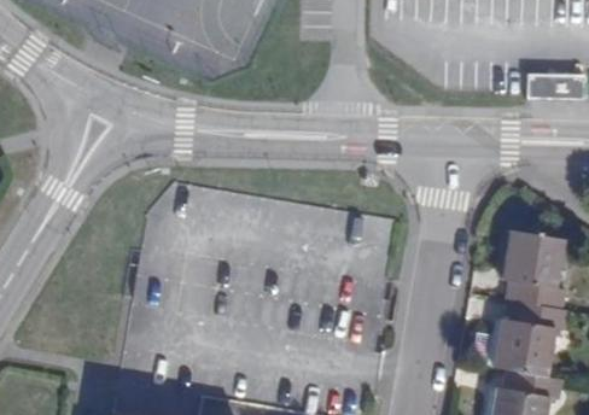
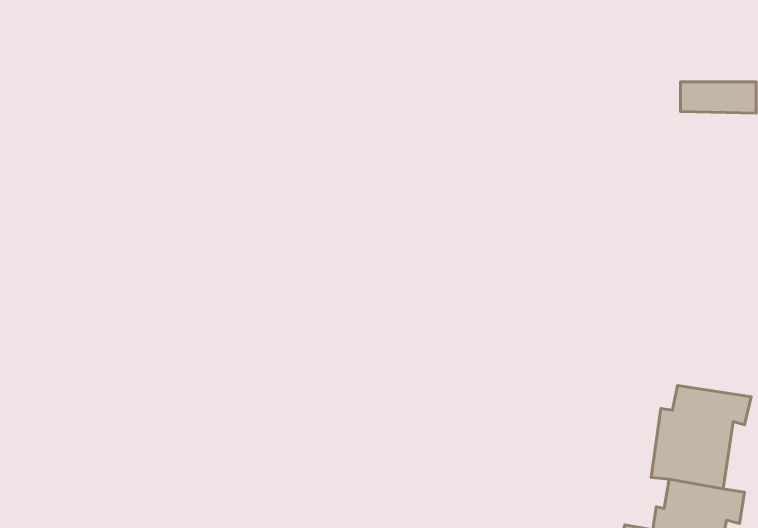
building: [503,233,567,309] -> none

